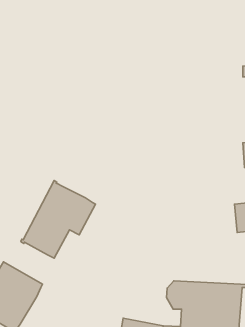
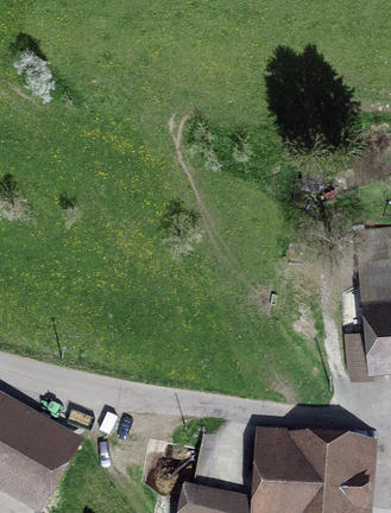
building: [21,180,95,258] -> none

